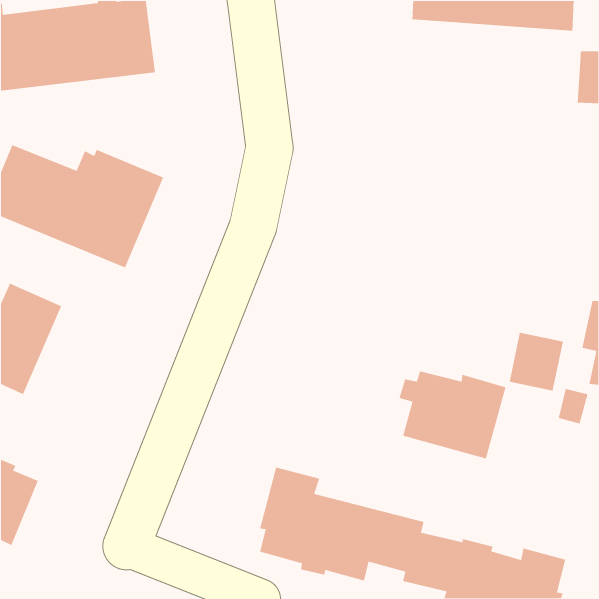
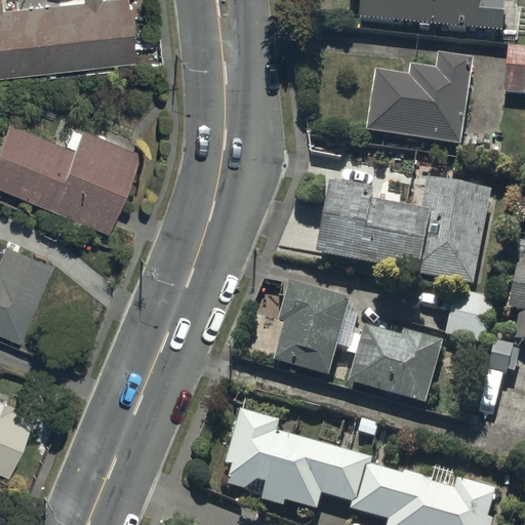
building: none -> [367,53,474,142]
building: none -> [315,174,492,282]
building: none -> [275,279,350,372]

